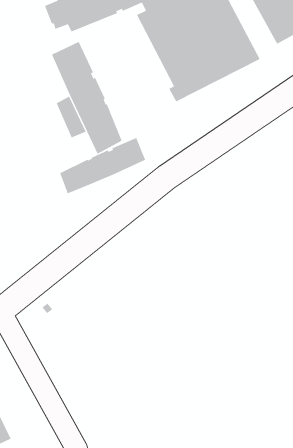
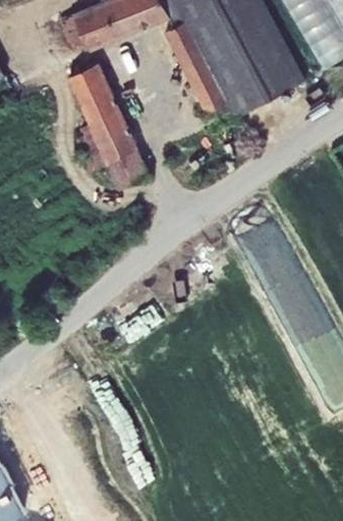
building: [59,137,146,194] -> none

